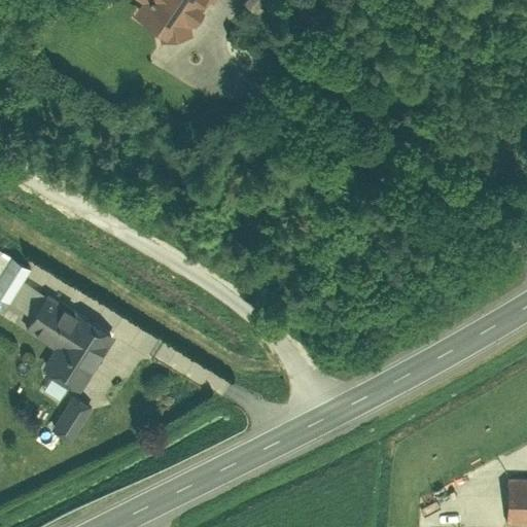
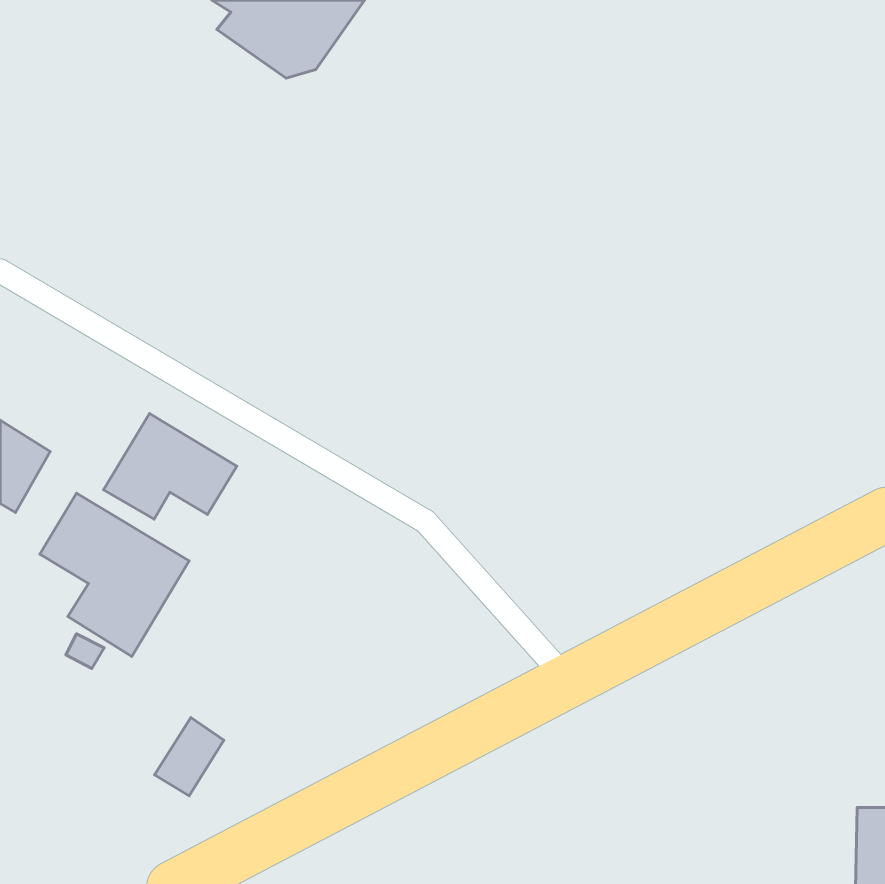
building: none -> [104,414,237,519]
building: [51,395,93,442] -> [154,718,224,796]

